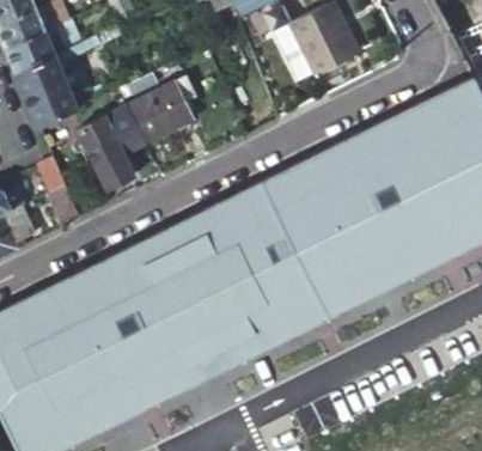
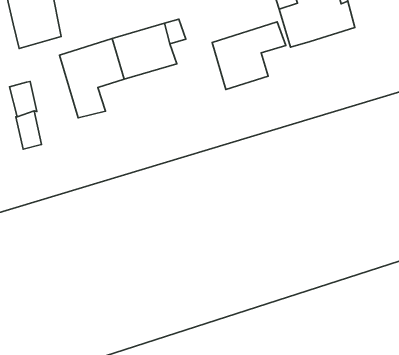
building: none -> [212,22,286,89]

